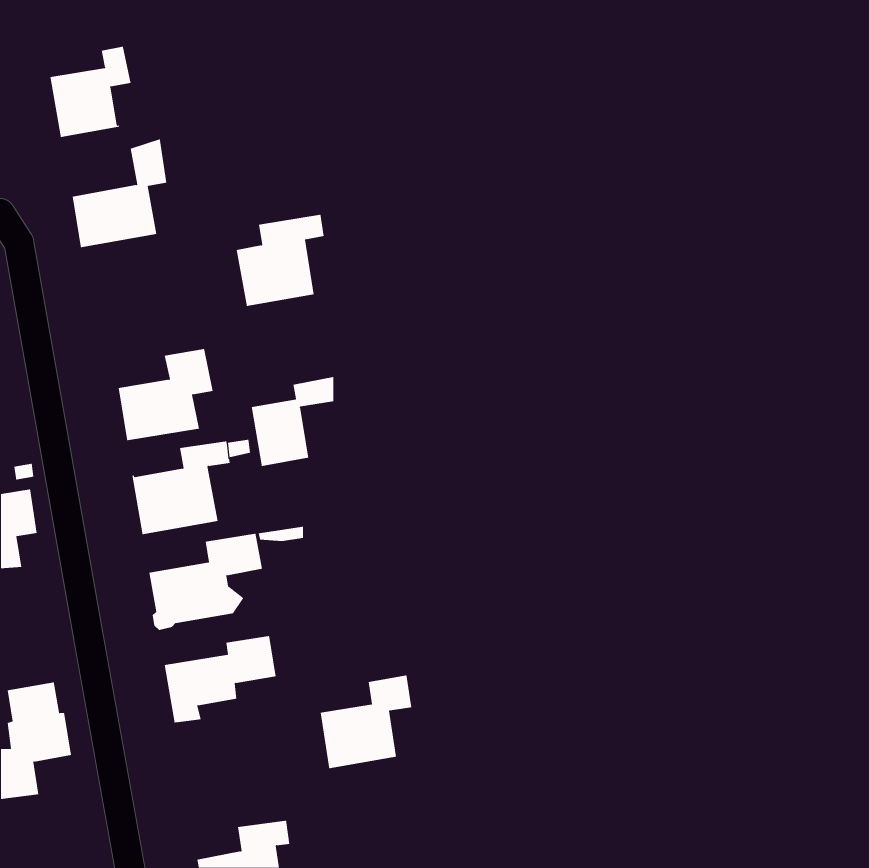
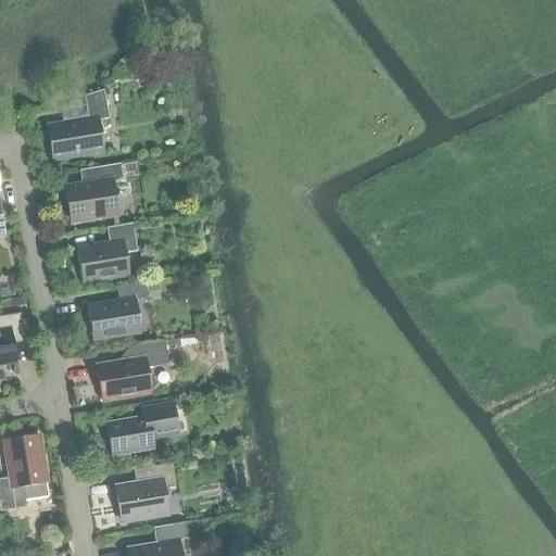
building: [50,46,131,138] -> none
building: [236,214,325,306] -> [66,162,123,220]
building: [251,376,334,467] -> none
building: [320,675,412,769] -> [117,460,176,520]

